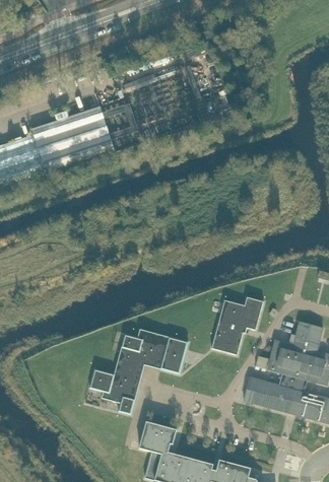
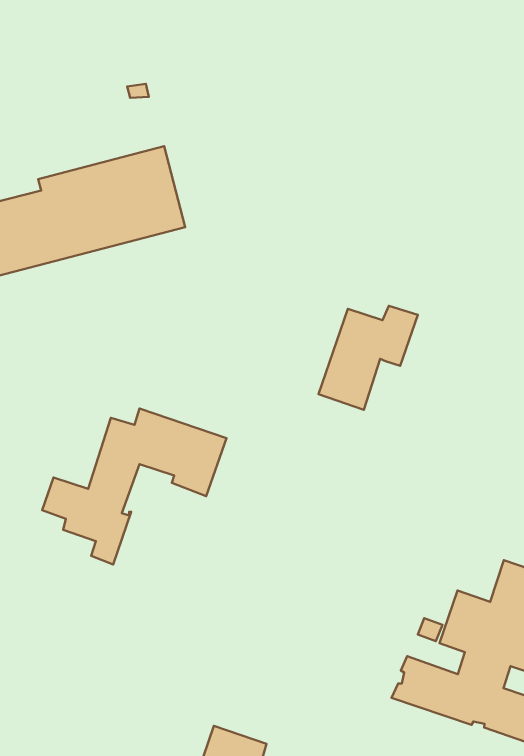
building: [211,296,263,354] -> [319,306,418,410]
building: [89,328,188,414] -> [42,409,227,565]

